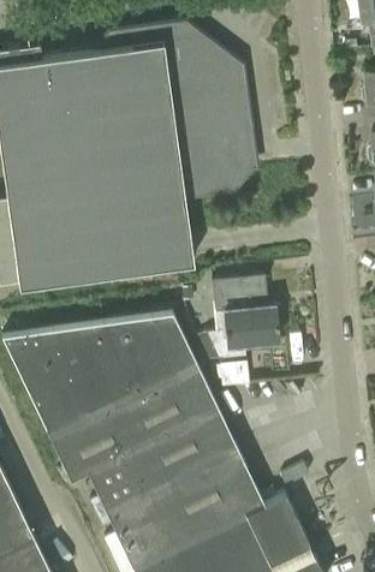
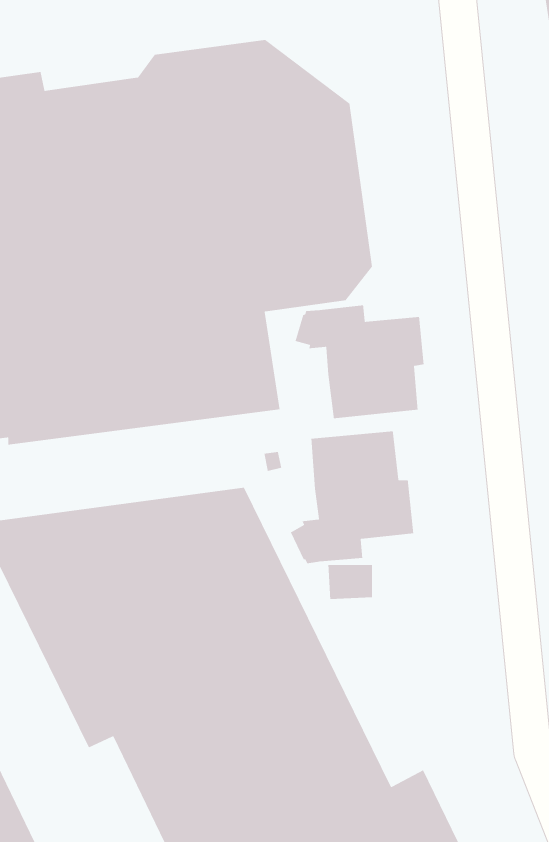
building: none -> [294,305,424,419]

